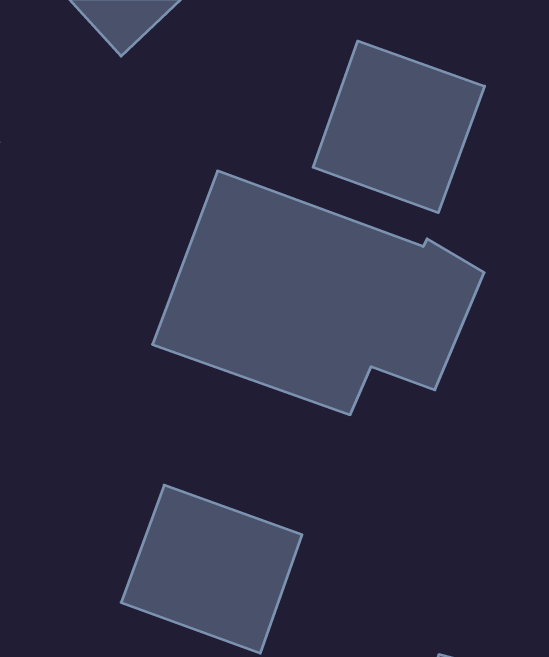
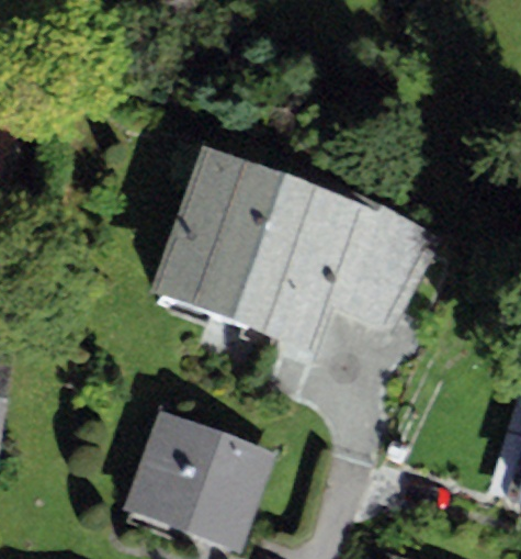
building: [313,41,485,213] -> none

